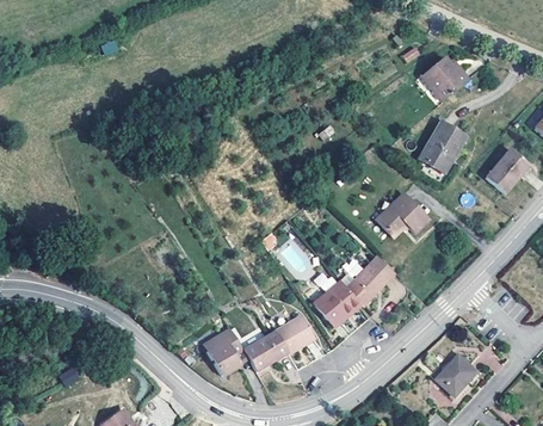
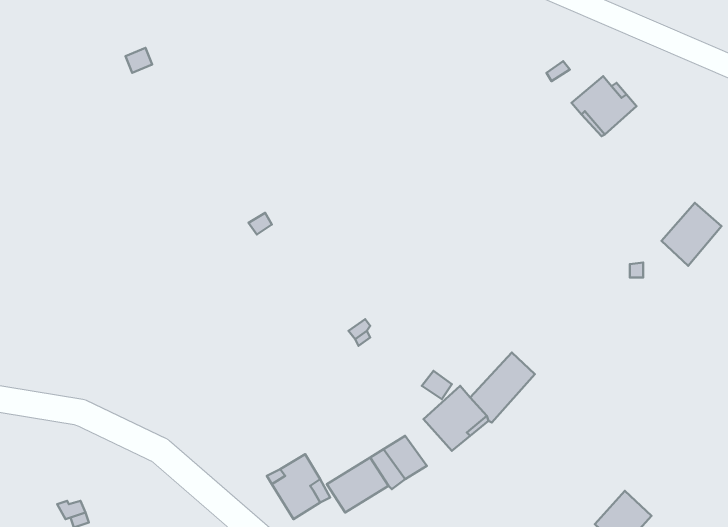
building: [420,121,465,172] -> none
building: [377,193,428,236] -> none

